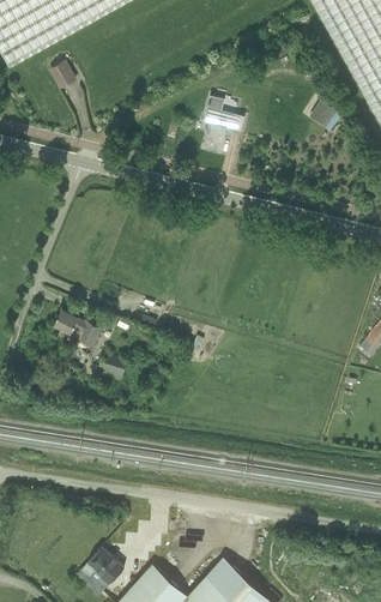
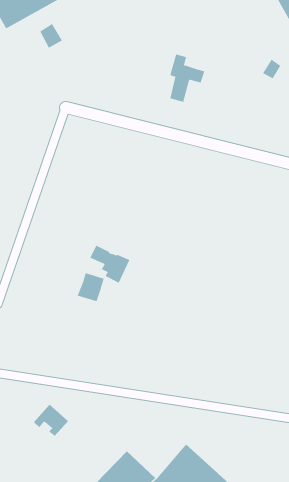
building: [53,308,101,354] -> [90,245,130,283]
building: [81,546,123,584] -> [33,404,69,436]

